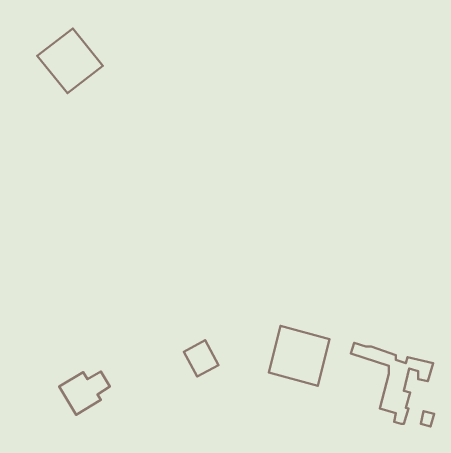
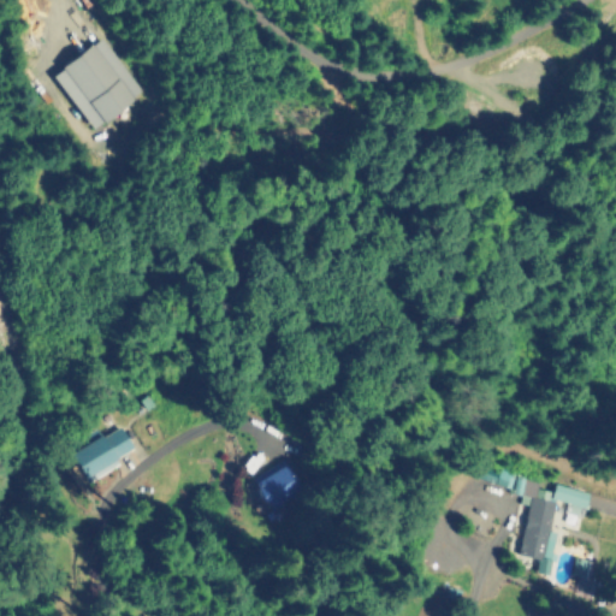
building: [269,326,330,386] -> none
building: [59,371,110,415] -> [65,427,134,486]

